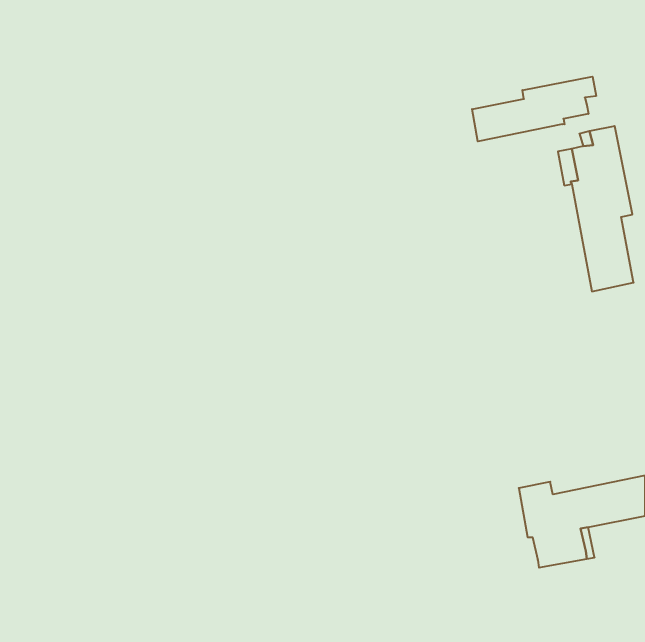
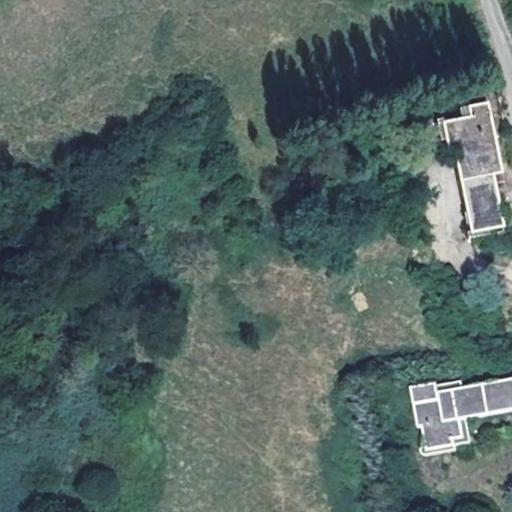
building: [472,77,596,141] -> none

